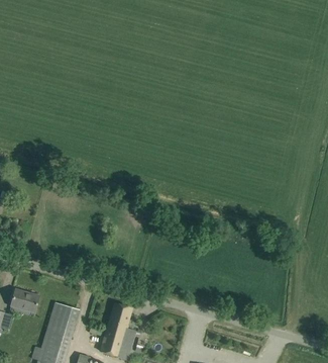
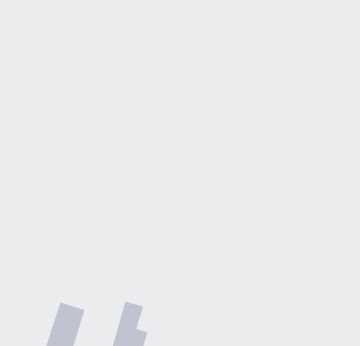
building: [10,289,37,311] -> none

